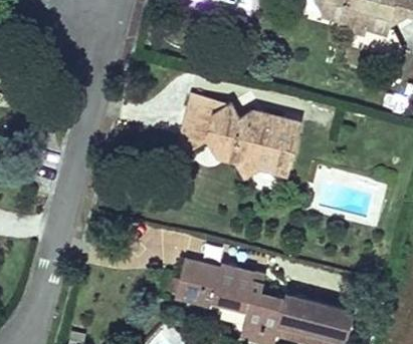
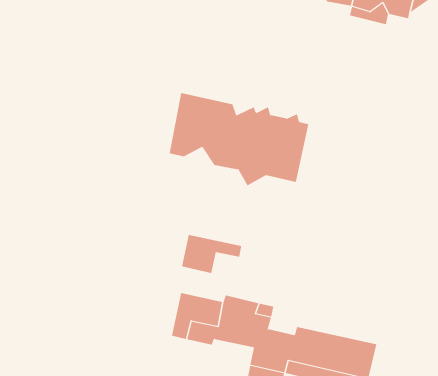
building: none -> [182,234,242,274]

